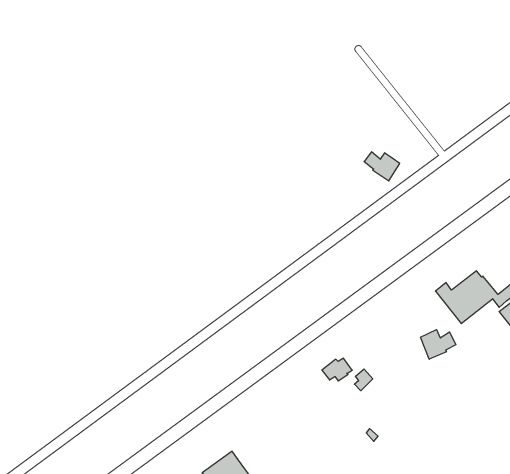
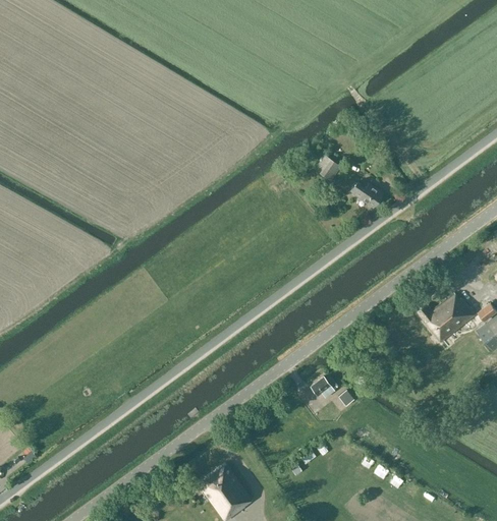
building: none -> [313,155,339,181]
building: [420,330,456,359] -> none

